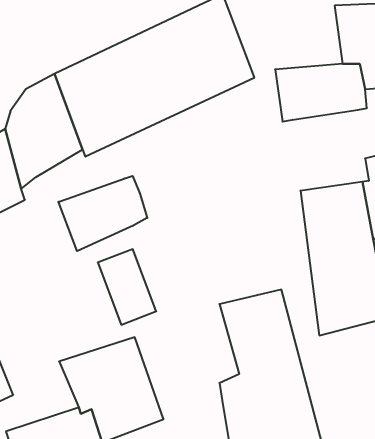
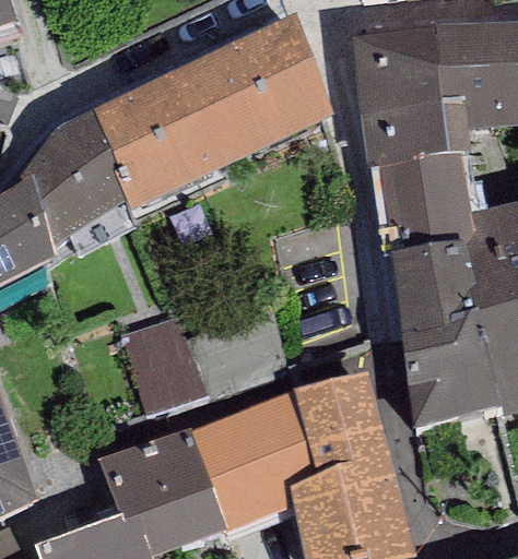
building: none -> [346,26,440,104]
building: none -> [379,153,472,251]
building: [58,176,147,251] -> none
building: none -> [188,389,315,539]

